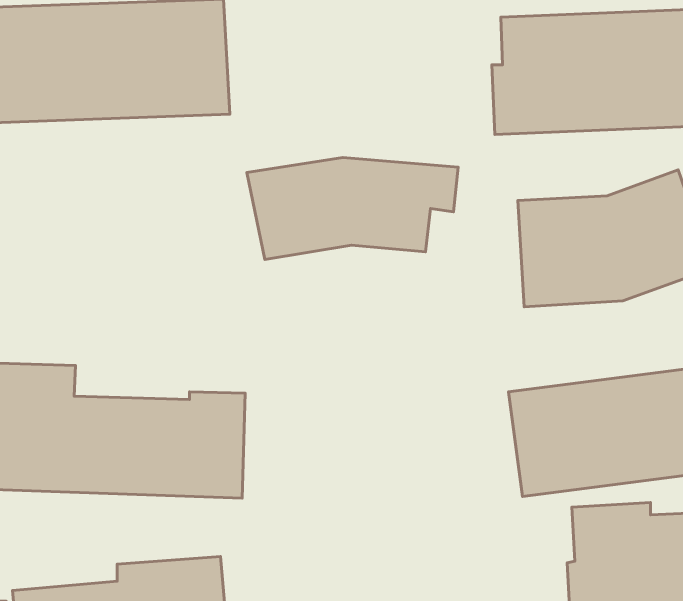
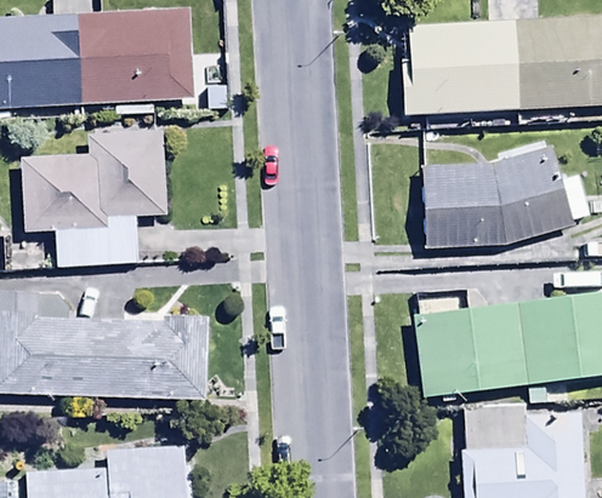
building: none -> [22,131,166,267]
building: [247,157,458,260] -> none

